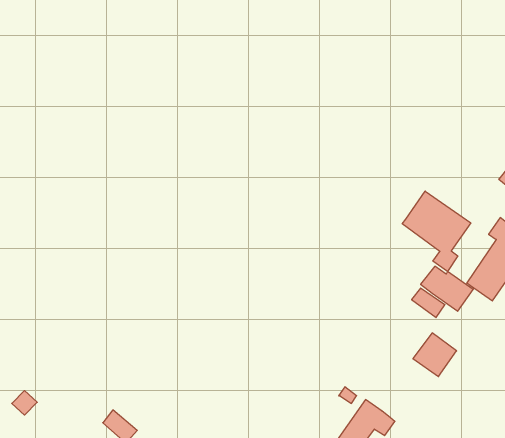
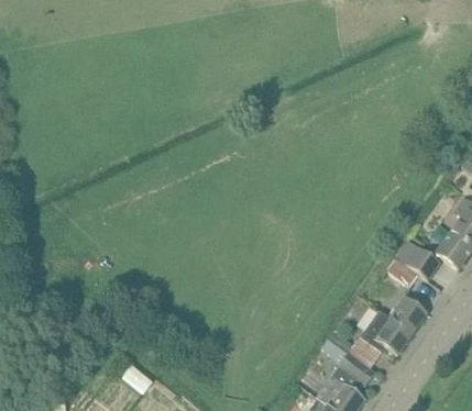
building: [402,191,471,271] -> none
building: none -> [349,310,411,367]

